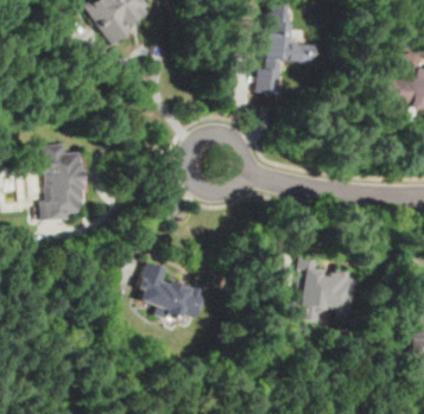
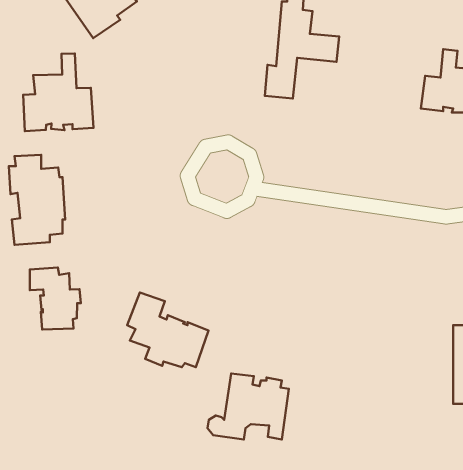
building: none -> [23,53,94,131]
building: none -> [30,268,81,329]
building: [287,266,356,321] -> [207,373,289,440]

